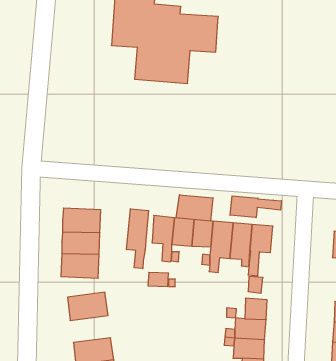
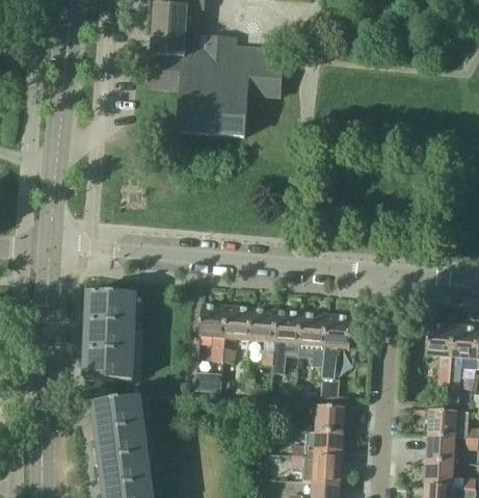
building: [176,195,213,221] -> none
building: [230,196,281,218] -> none
building: [127,209,149,269] -> none
building: none -> [97,428,148,463]

